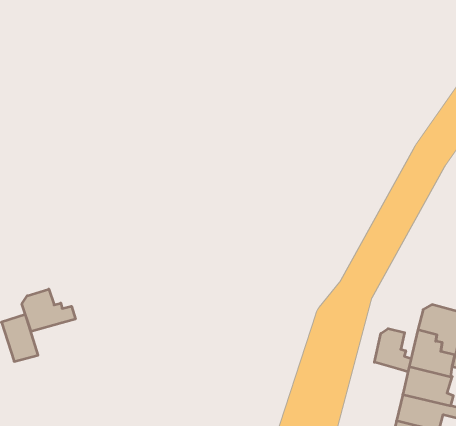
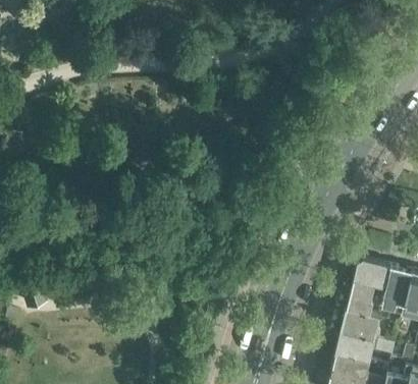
building: [22,289,75,331] -> none
building: [374,329,411,372] -> none

